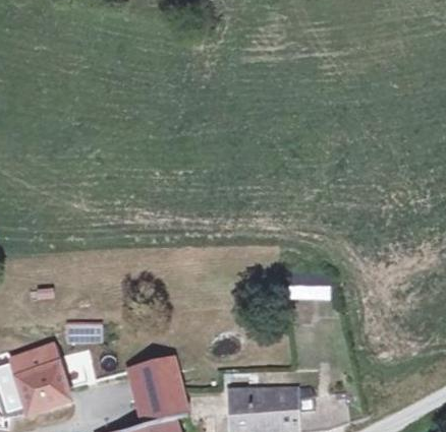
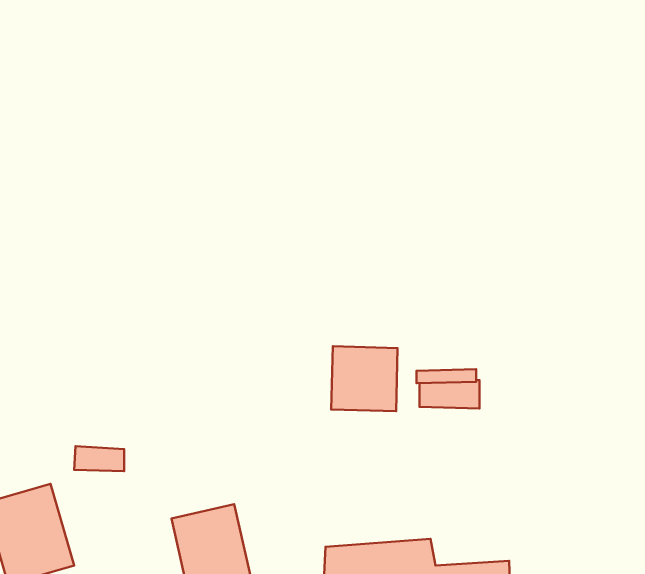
building: none -> [331,346,398,411]

